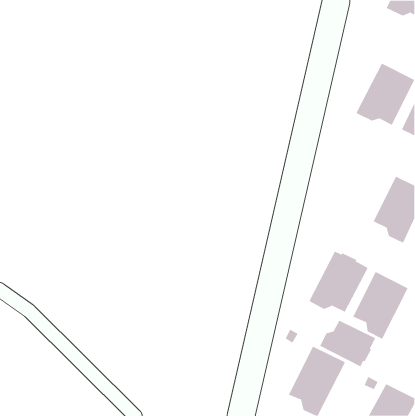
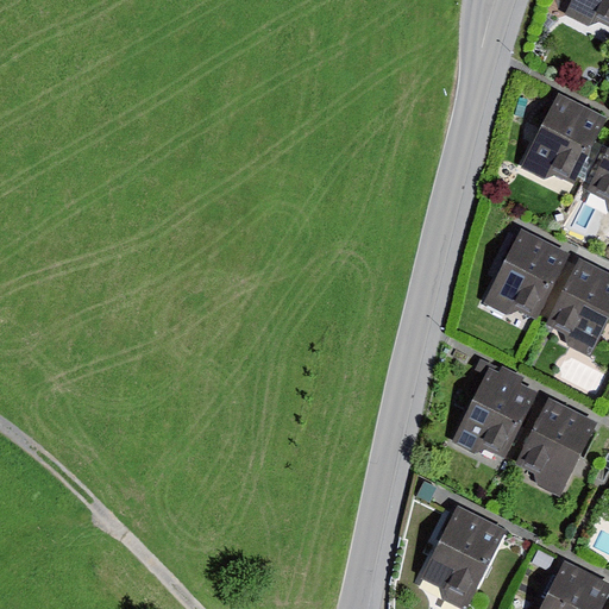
building: none -> [482,227,569,318]
building: [319,320,376,367] -> none

